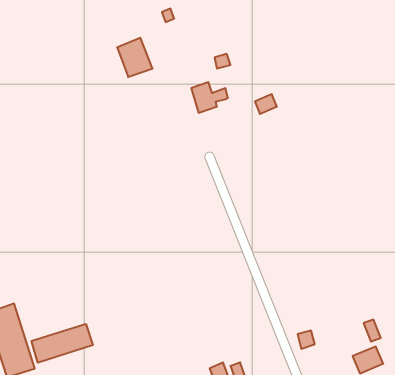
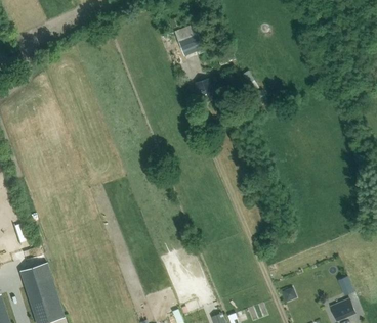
building: [117,38,153,77] -> [175,22,205,55]
building: [32,324,93,363] -> none

